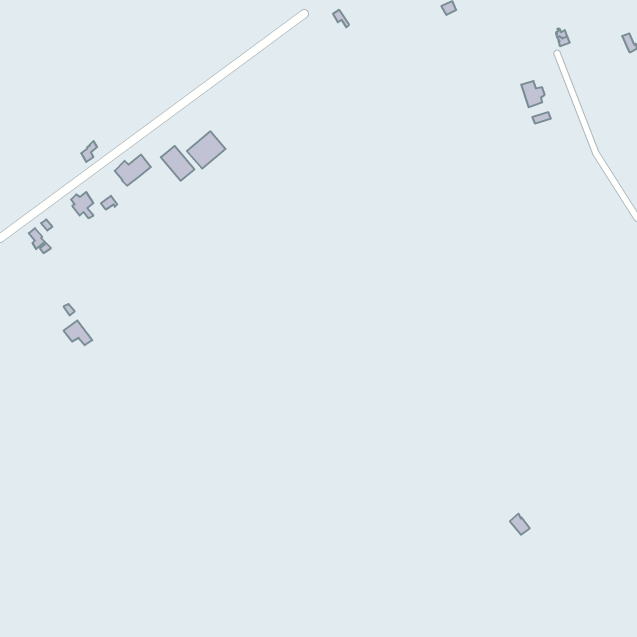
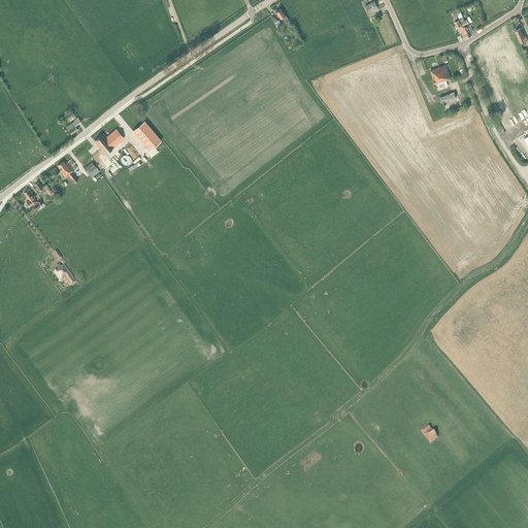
building: [187,131,226,169] -> none

